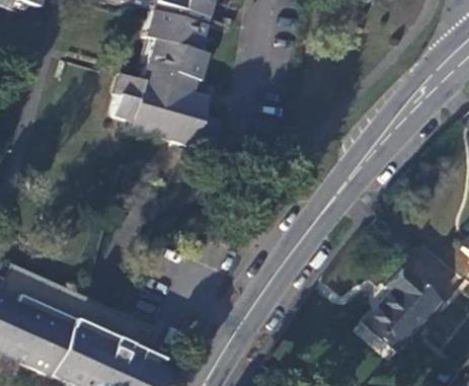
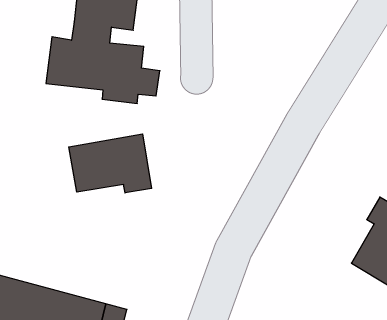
building: none -> [69,134,152,193]

